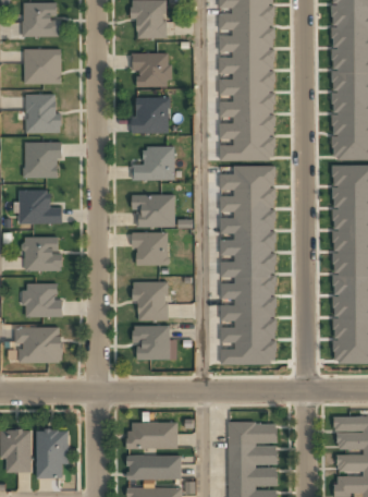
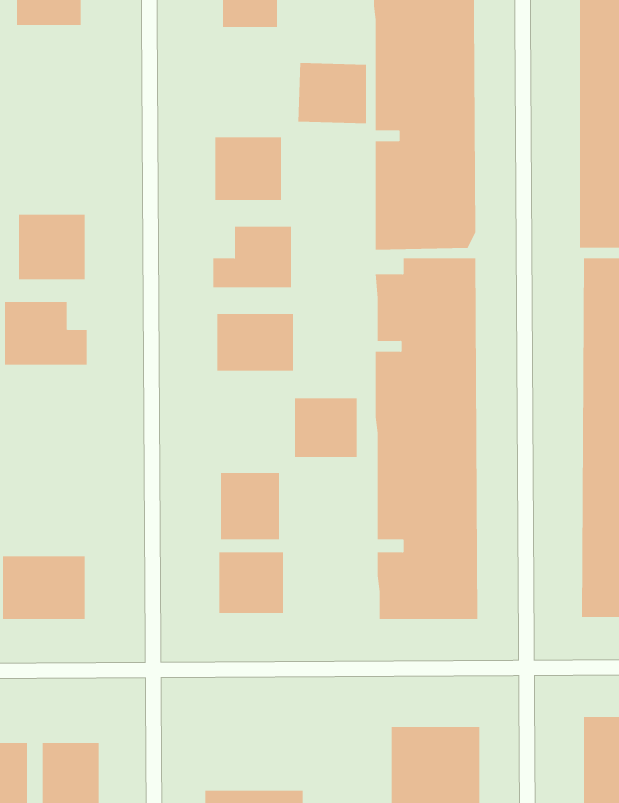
building: [24,49,60,83] -> none
building: [132,53,170,87] -> [297,62,367,124]
building: [26,94,59,133] -> none
building: [133,233,168,266] -> [294,398,358,457]
building: [24,238,60,271] -> none
building: [23,283,62,317] -> none
building: [127,423,177,449] -> none

